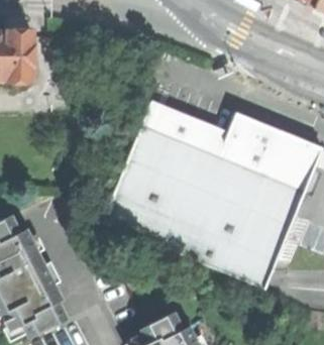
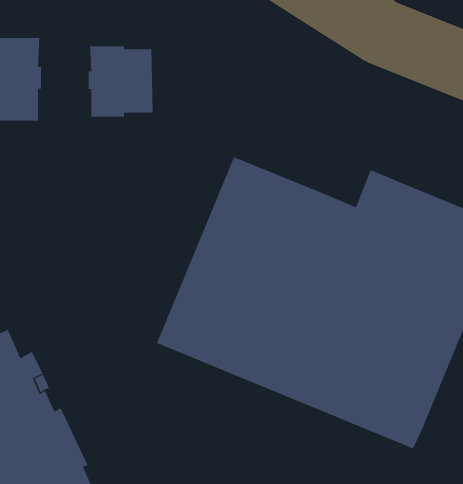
building: none -> [88,46,153,118]

